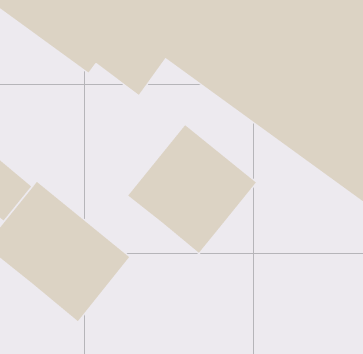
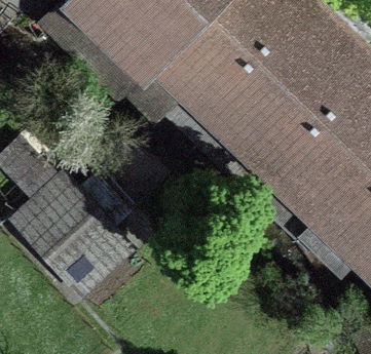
building: [127,124,257,254] -> none

